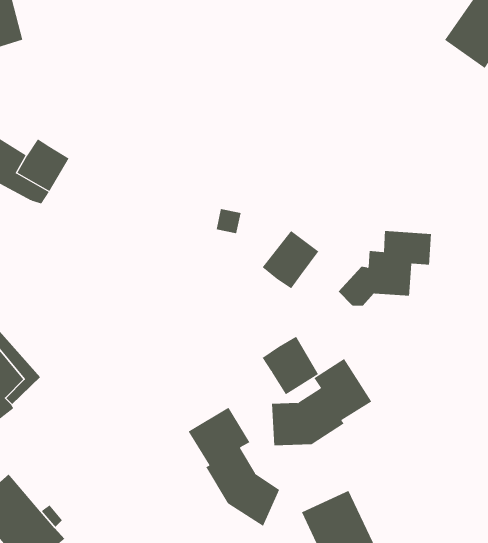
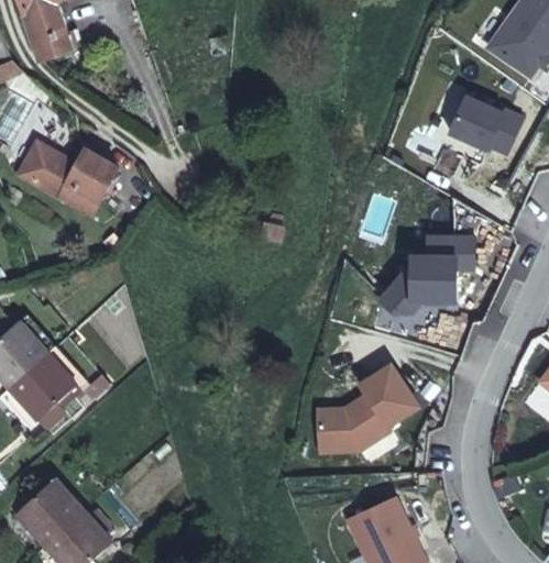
building: none -> [449,97,521,155]
building: [262,230,319,289] -> none
building: [262,336,319,395] -> none
building: [188,407,280,527] -> none

